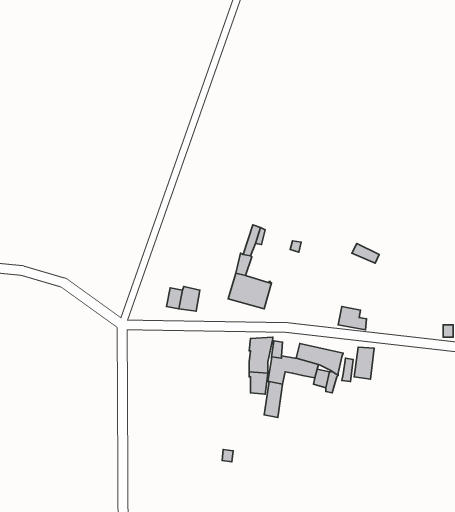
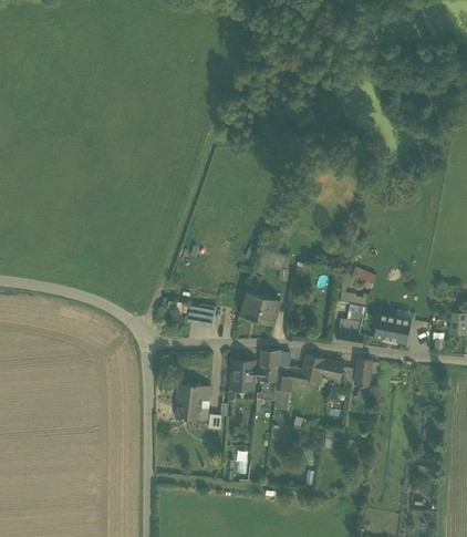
building: none -> [373,311,406,335]
building: none -> [230,360,253,390]
building: none -> [177,383,212,420]

